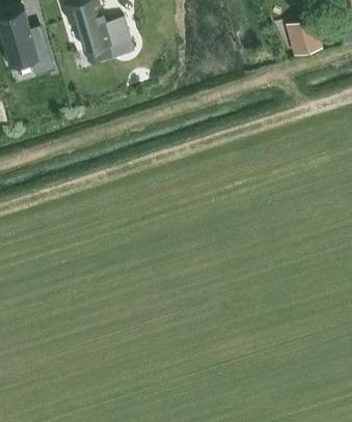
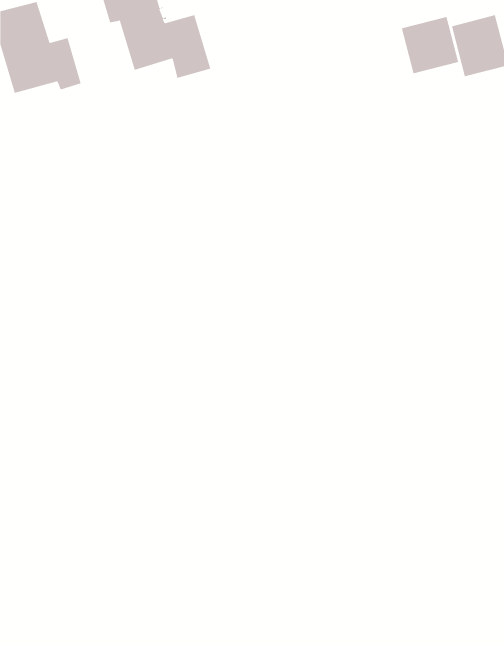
building: none -> [401,16,459,74]

